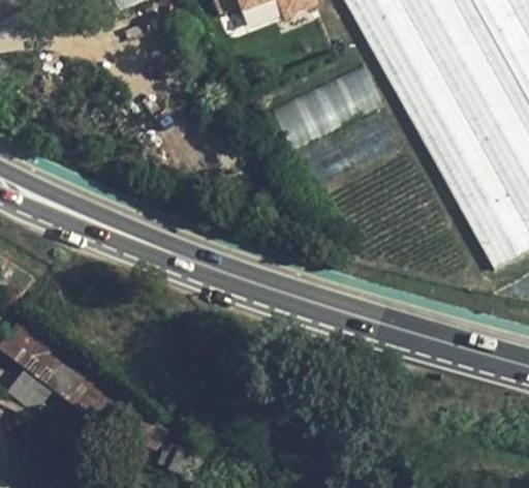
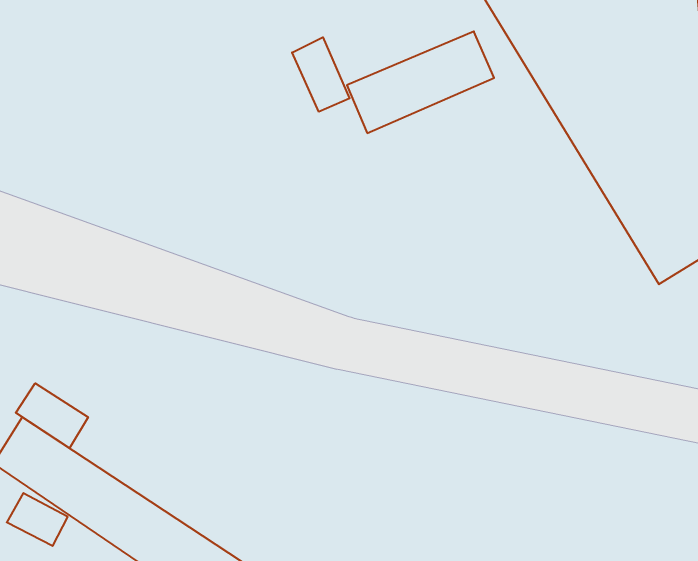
building: none -> [292,37,350,112]
building: none -> [16,383,88,448]

